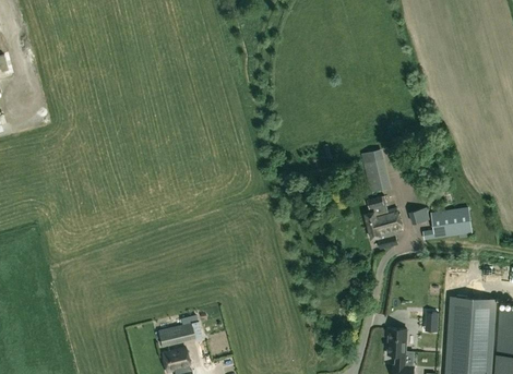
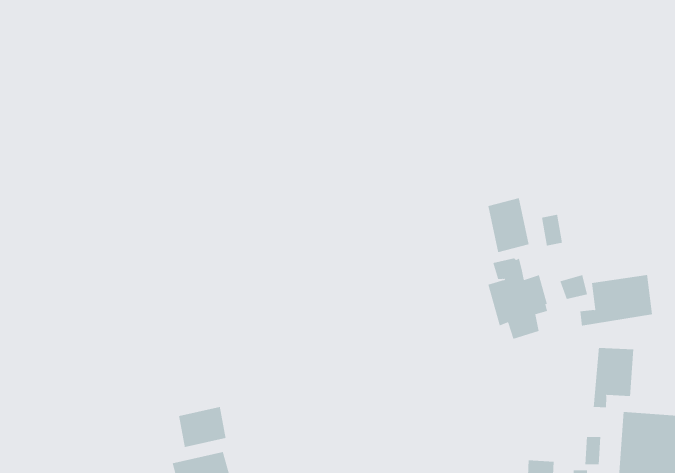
building: none -> [593,347,634,408]
building: none -> [179,406,226,448]

